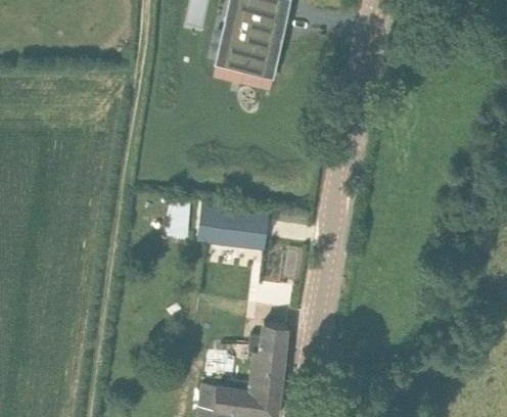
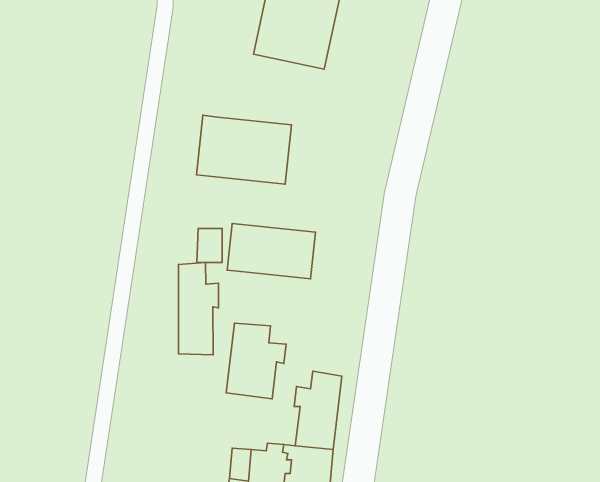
building: none -> [197,115,292,184]
building: none -> [178,263,219,355]
building: none -> [226,323,286,399]

